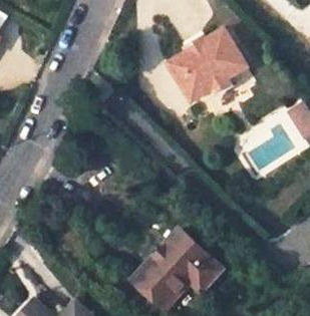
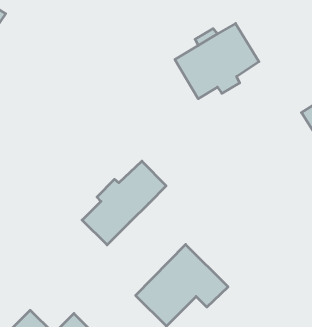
building: none -> [82,161,166,245]

